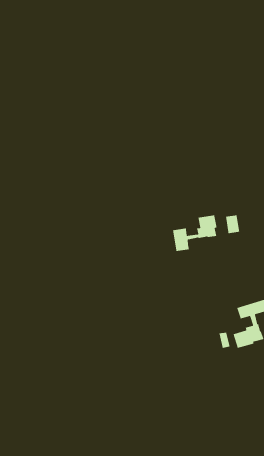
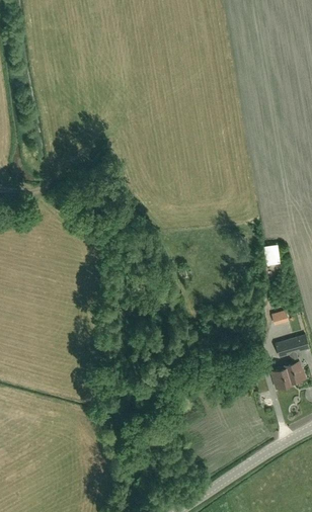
building: [172,215,217,252] -> none

